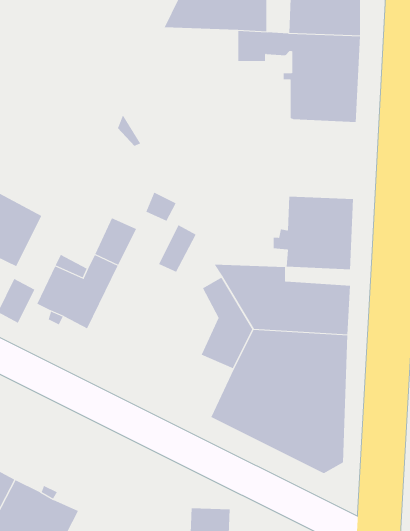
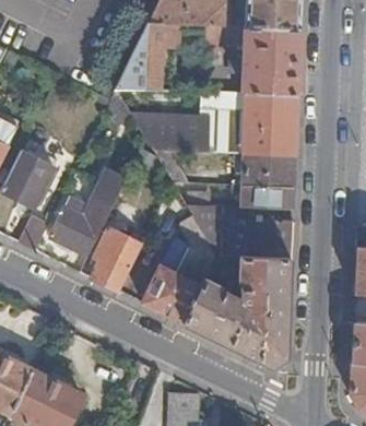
building: none -> [116,23,176,91]
building: none -> [139,94,296,155]
building: none -> [90,228,142,292]
building: none -> [142,268,201,323]

